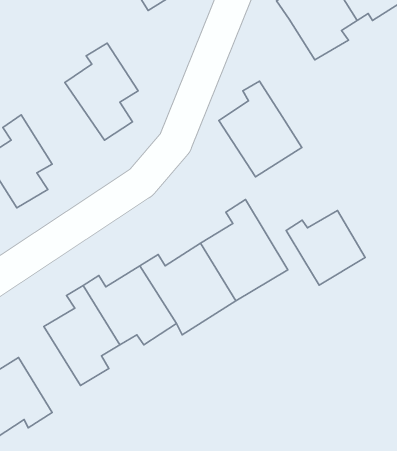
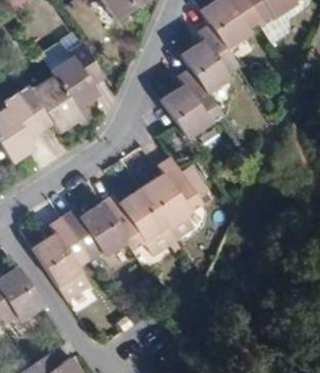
building: none -> [179,23,235,94]
building: none -> [17,79,79,133]
building: [286,210,365,285] -> none

